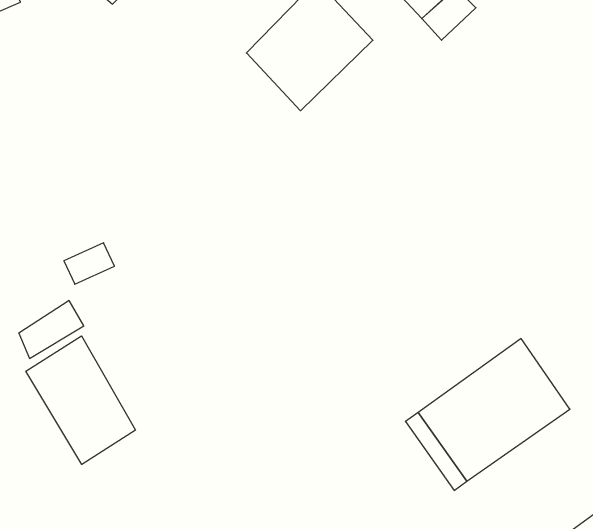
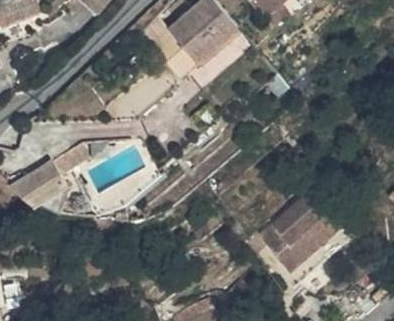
building: [26,336,135,464] -> none

